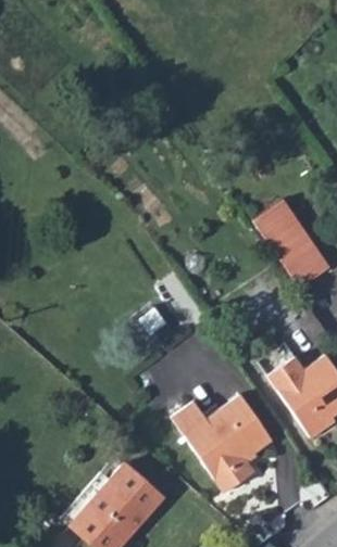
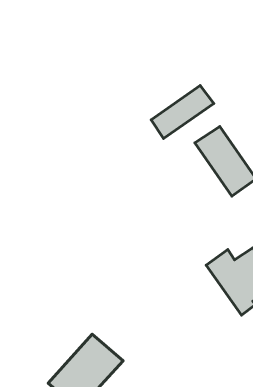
building: none -> [151,85,214,138]
building: [171,394,272,493] -> none

